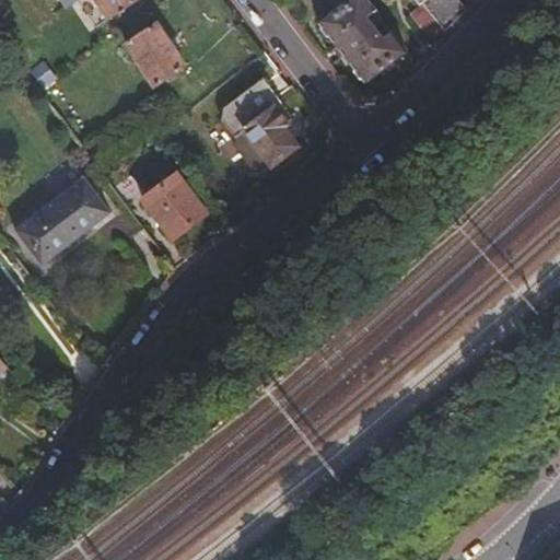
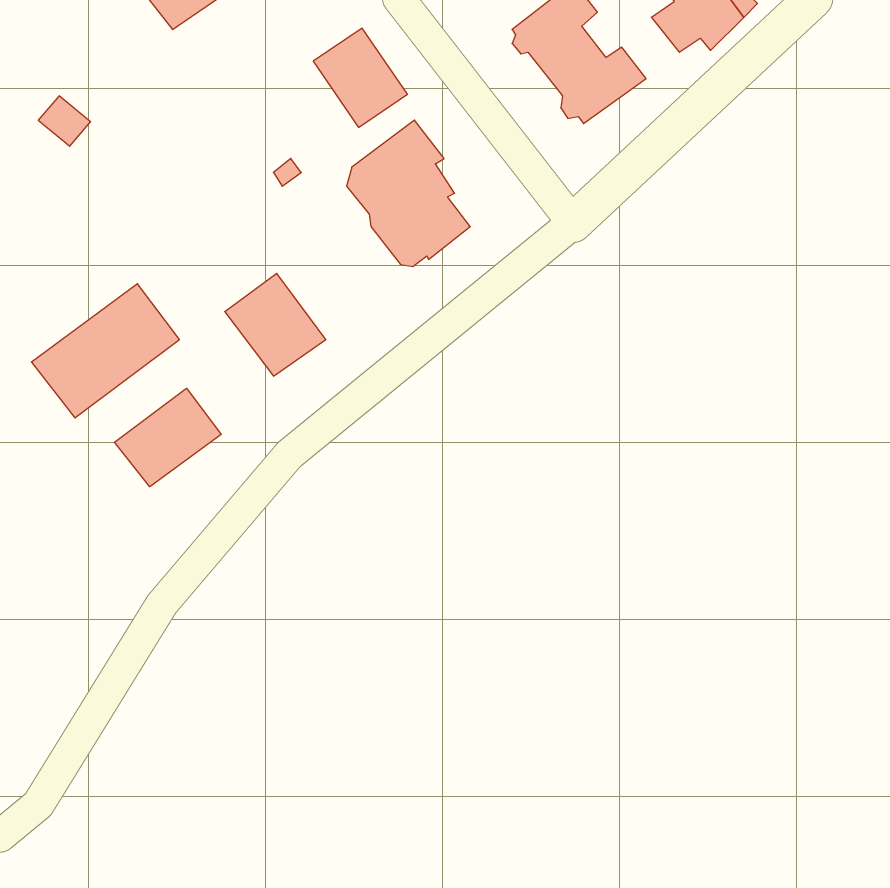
building: [126,24,185,86] -> [313,28,407,127]
building: none -> [114,388,221,487]

